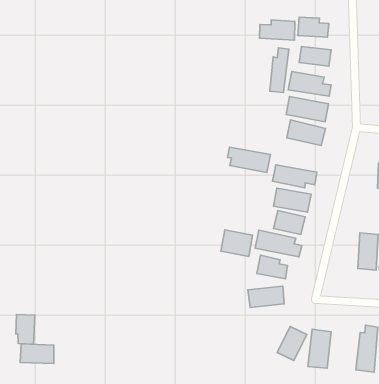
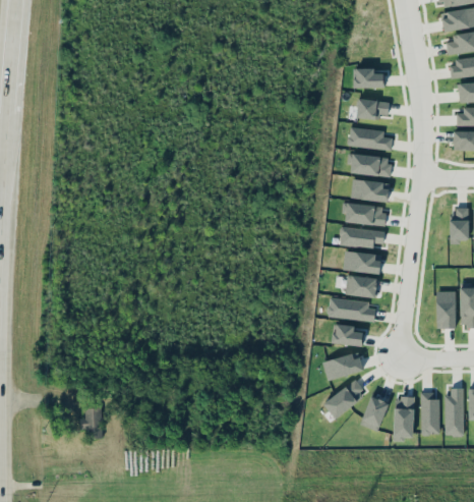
building: [260,20,295,40] -> none
building: [270,48,289,92] -> none
building: [228,147,270,172] -> [342,203,387,226]
building: [221,230,253,257] -> none
building: none -> [323,379,367,420]
building: none -> [421,393,438,435]
building: [20,344,54,364] -> none

